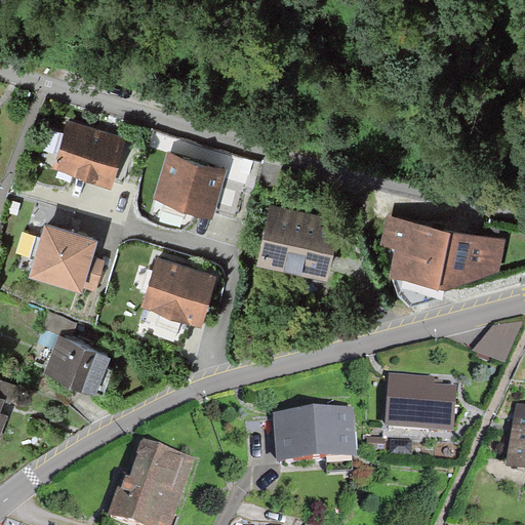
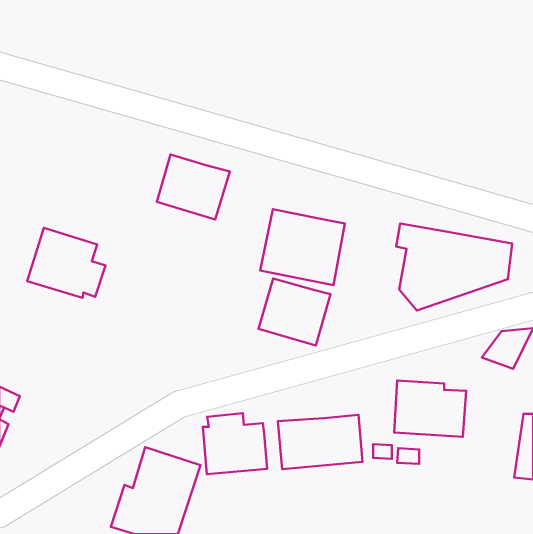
building: [52,121,124,186] -> none
building: [144,258,214,324] -> [258,279,331,345]
building: [45,336,107,390] -> none
building: none -> [203,413,267,474]

